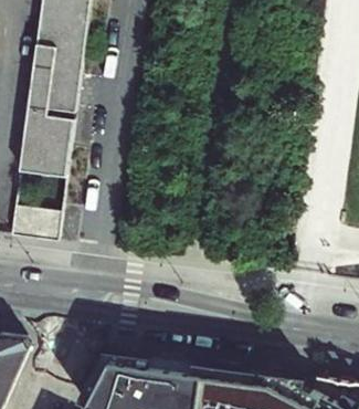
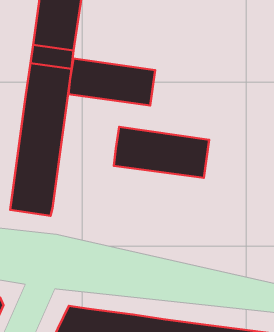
building: none -> [68,58,155,105]
building: none -> [114,127,209,178]

